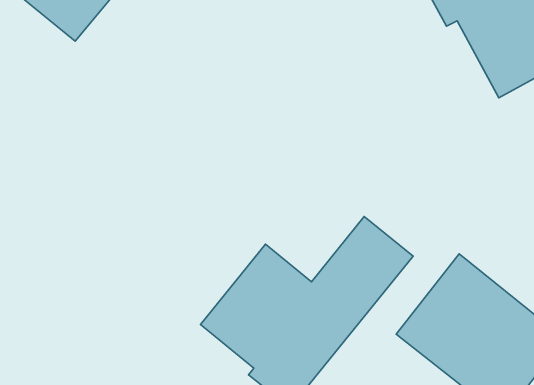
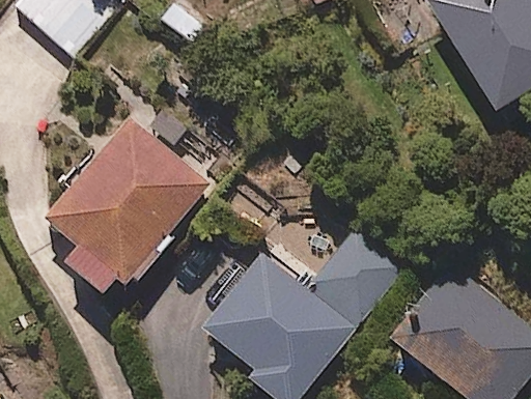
building: none -> [45,116,214,291]

